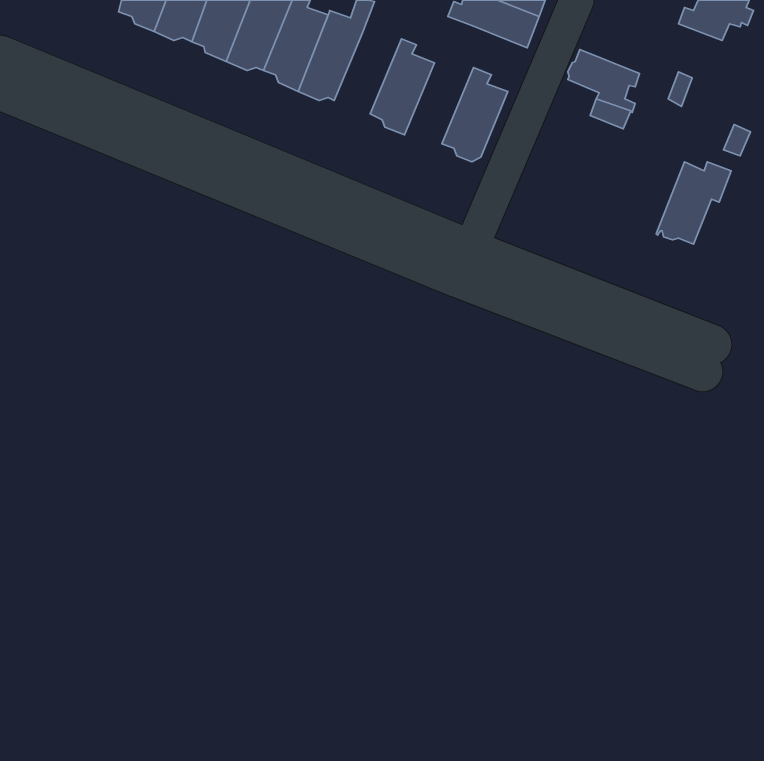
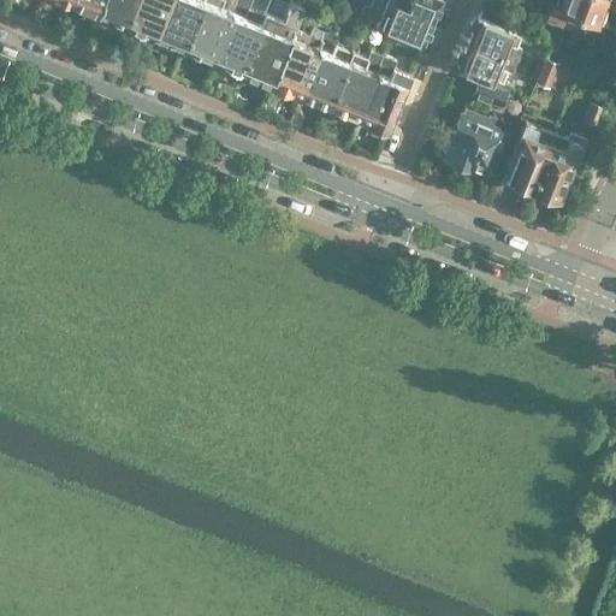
building: none -> [467,18,523,63]
building: none -> [270,30,324,95]
building: none -> [326,53,381,119]
building: none -> [439,117,507,173]
building: none -> [502,123,551,191]

